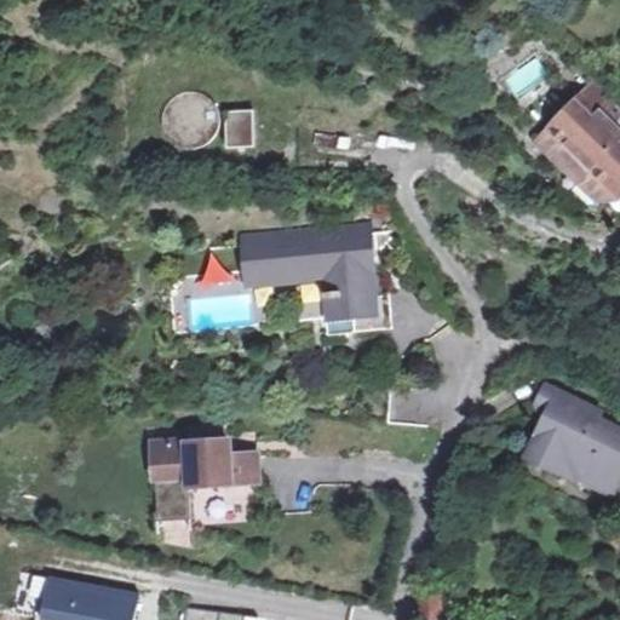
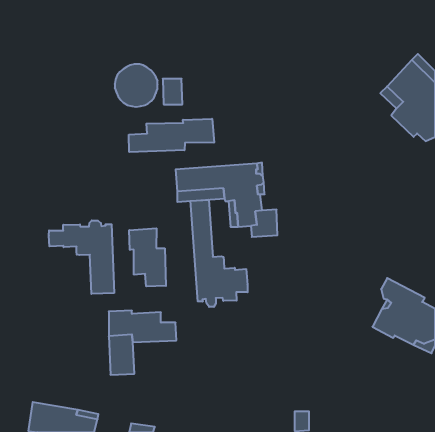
building: none -> [129,119,214,152]
building: none -> [190,200,248,307]
building: none -> [49,220,114,294]
building: none -> [129,228,166,286]

